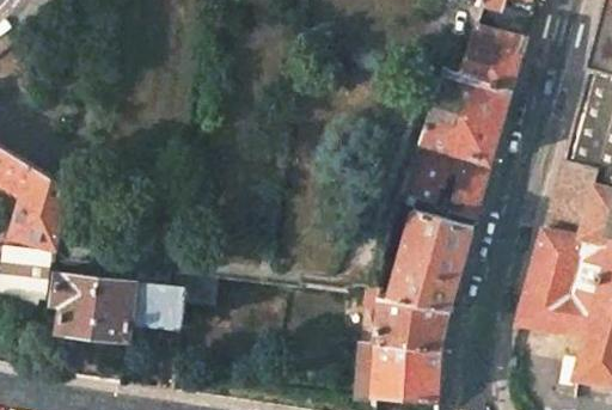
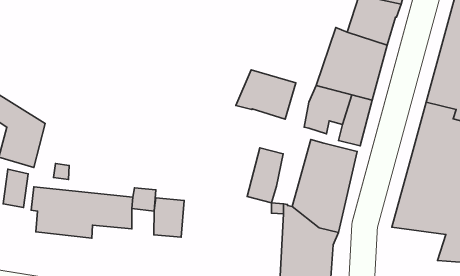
building: none -> [236,70,296,119]
building: none -> [247,148,283,203]
building: none -> [154,198,184,237]

